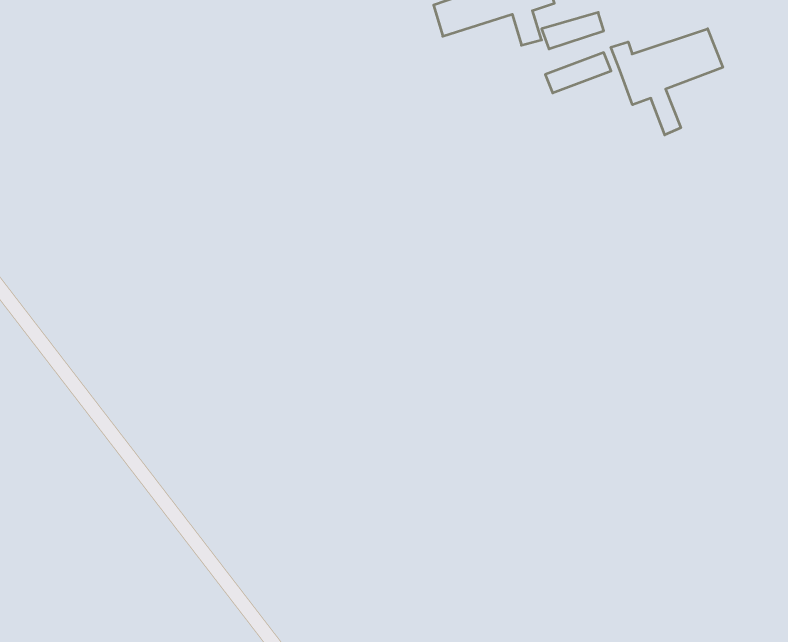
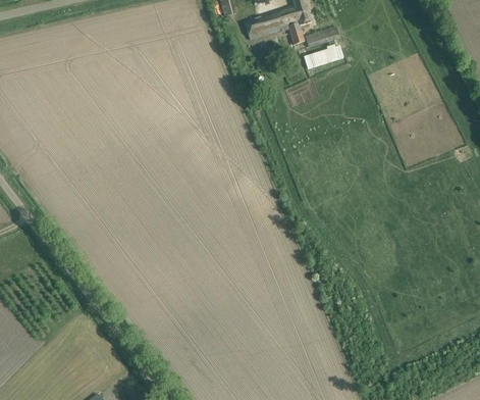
building: [611,29,723,135] -> none

